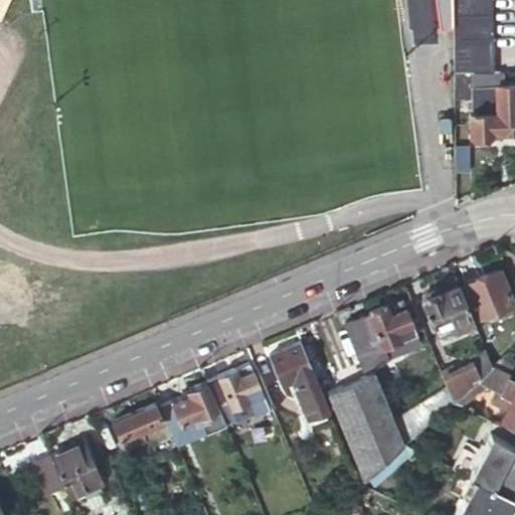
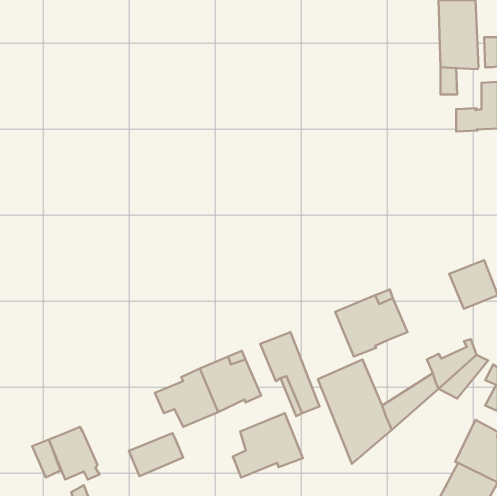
building: [423,288,478,338] -> none
building: [114,403,170,448] -> [129,433,183,476]
building: none -> [233,413,303,478]

